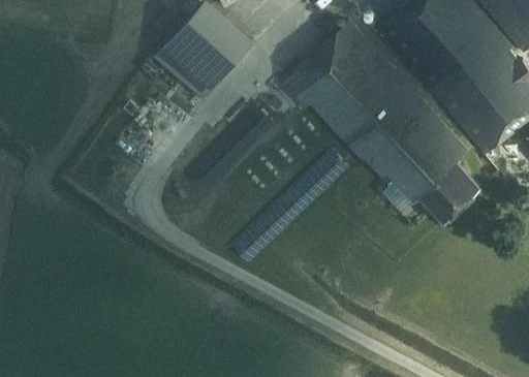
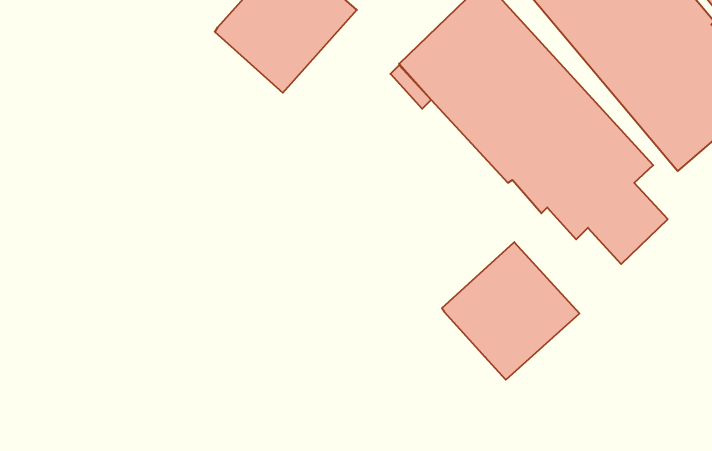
building: none -> [442,242,579,380]

